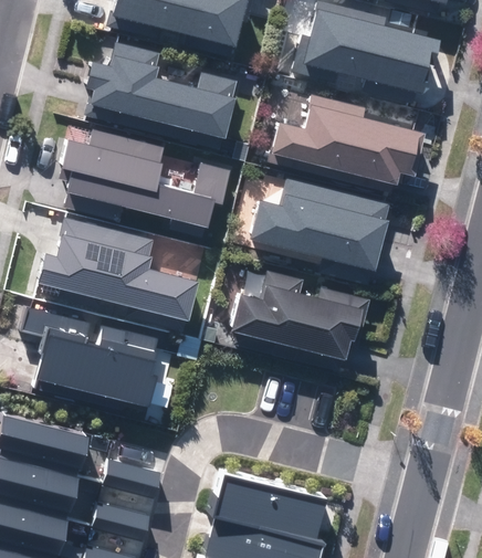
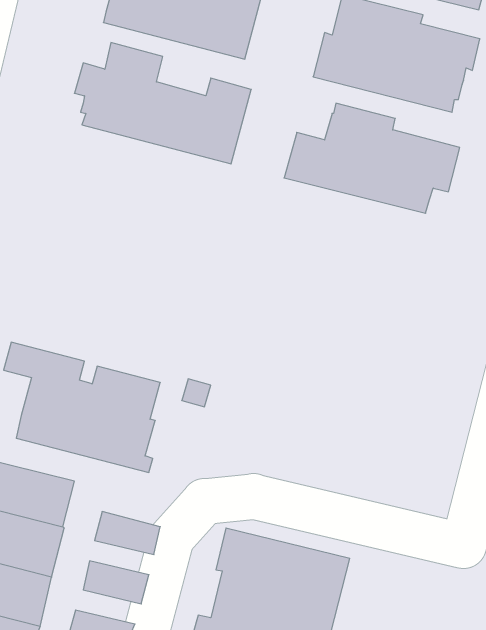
building: [65,128,237,236] -> none
building: [252,177,392,284] -> none
building: [41,214,200,329] -> none
building: [227,267,374,368] -> none

